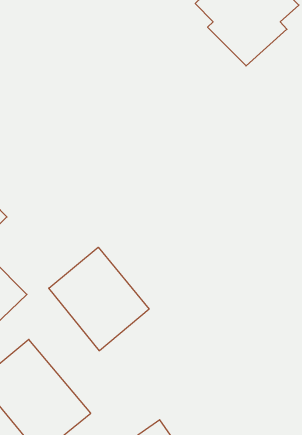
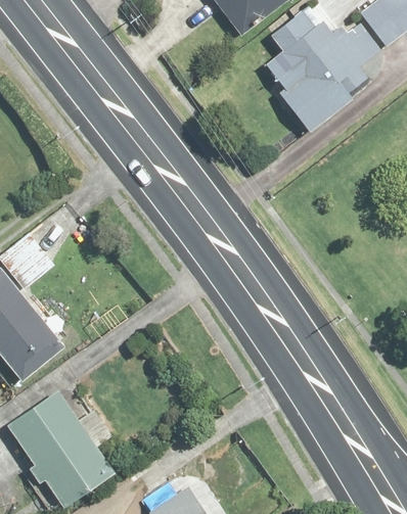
building: [49,247,149,351] -> none

